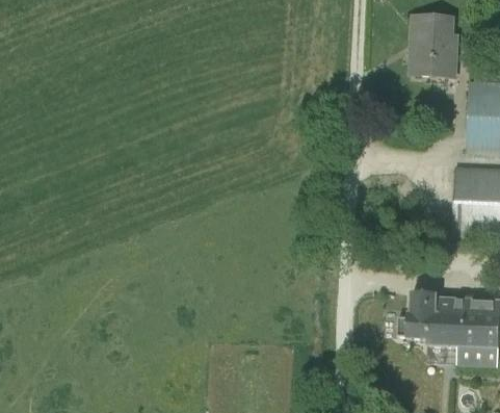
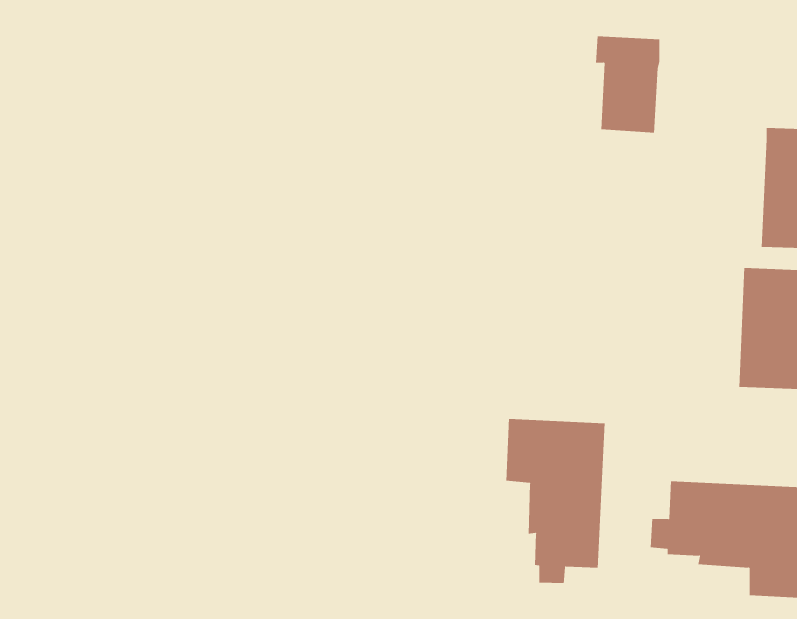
building: [414,17,453,76] -> [595,36,660,133]
building: none -> [506,418,605,584]

